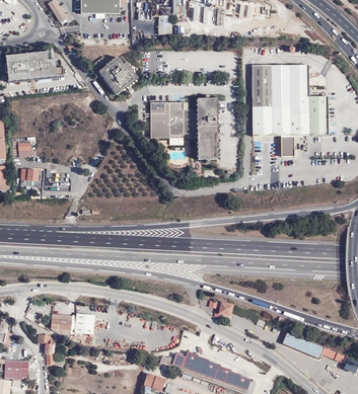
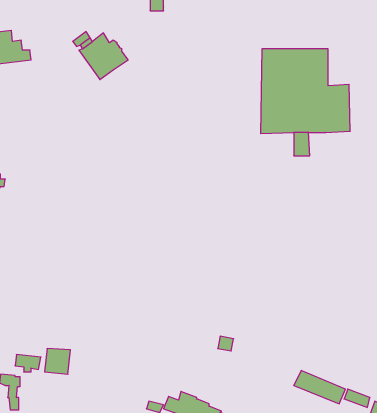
building: [154,97,221,158] -> none

